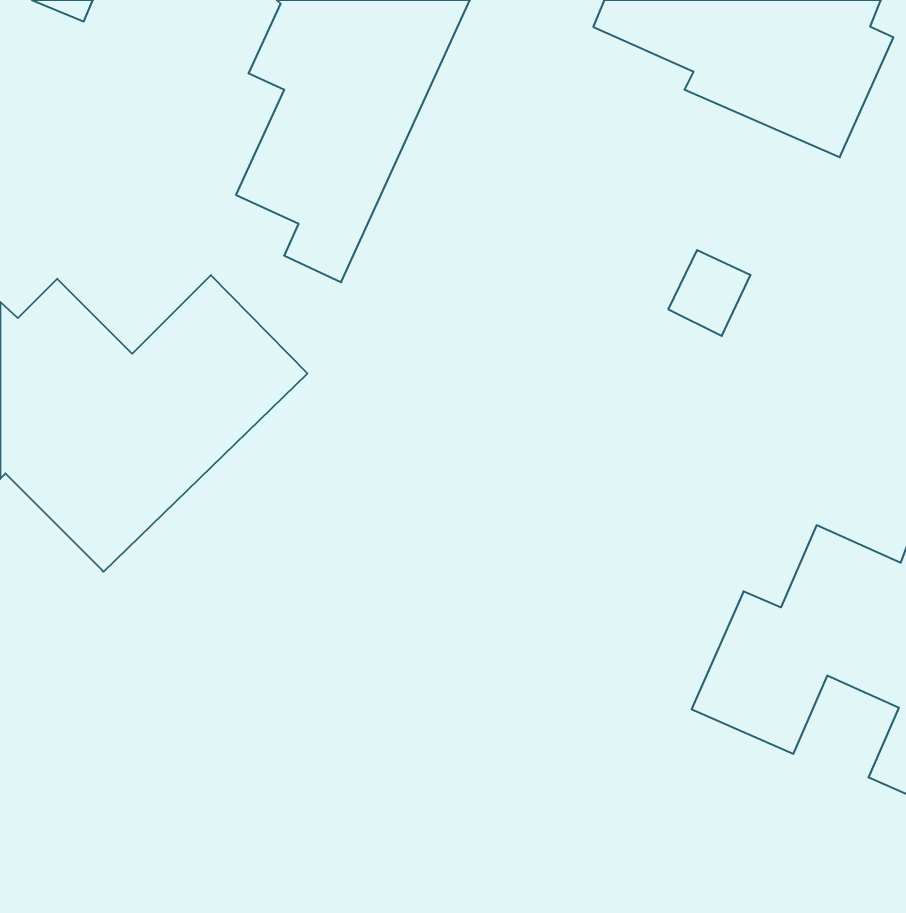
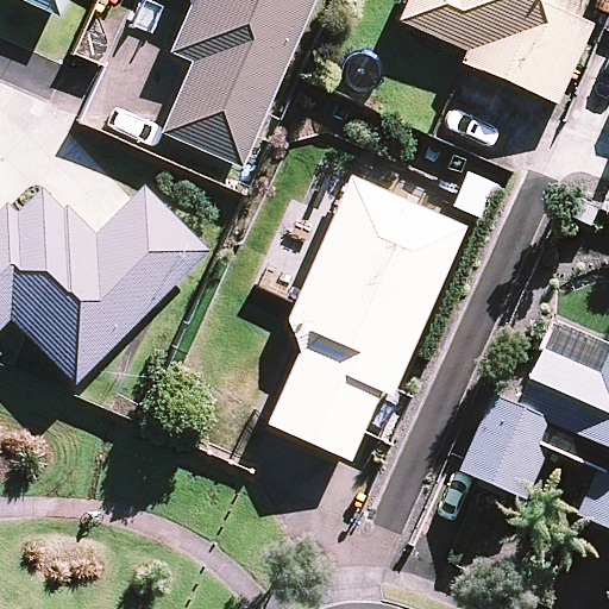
building: none -> [268,177,464,457]

